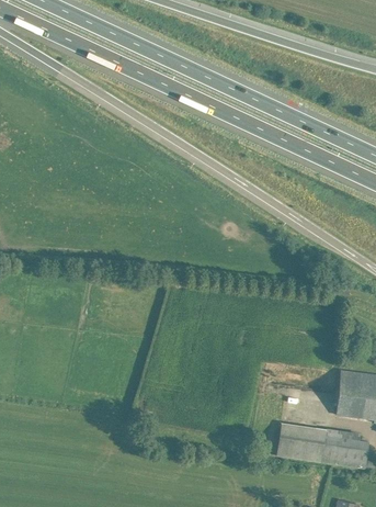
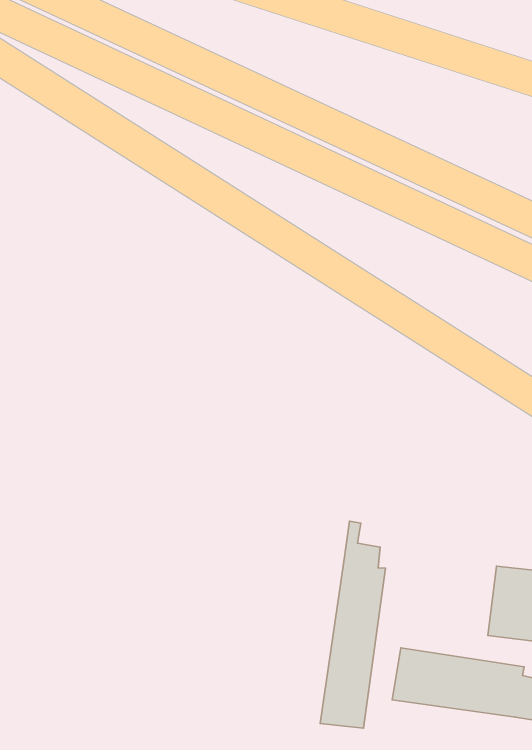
building: none -> [320,521,386,728]

